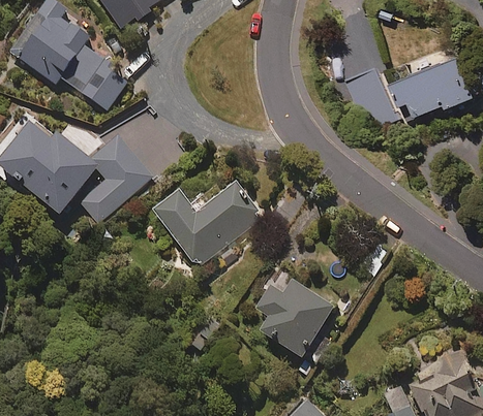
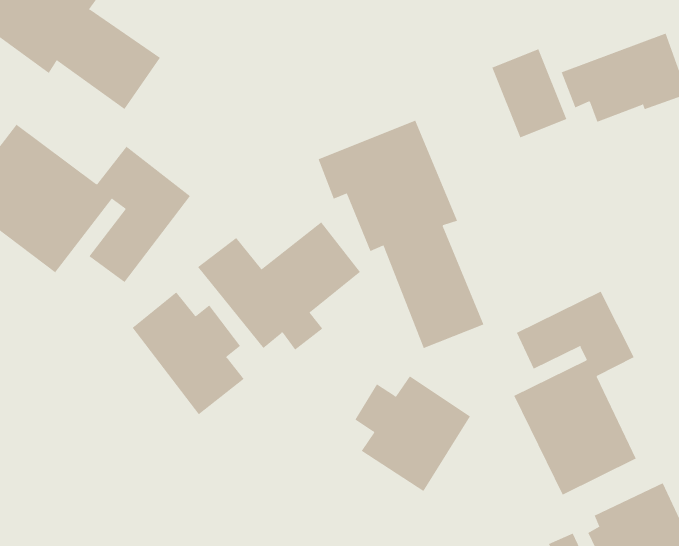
building: none -> [318,120,484,349]
building: none -> [514,291,637,496]
building: none -> [132,292,245,415]

